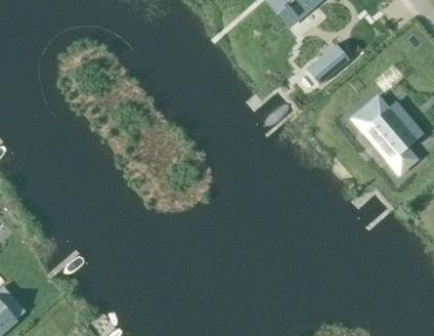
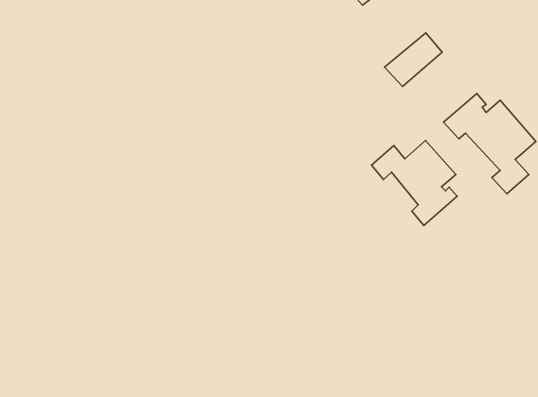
building: none -> [372,140,457,226]

